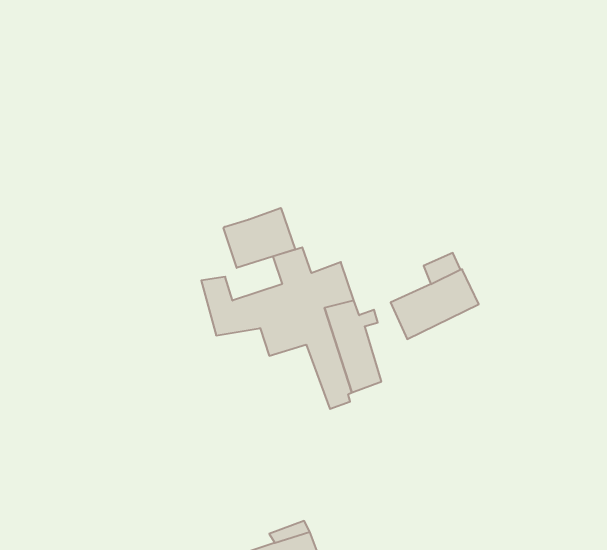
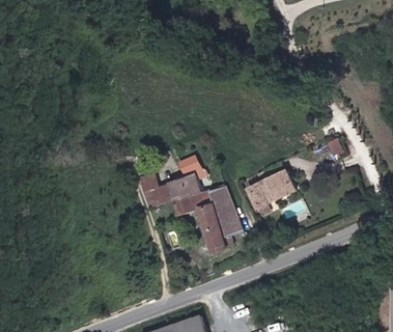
building: [223,208,295,268] -> none

